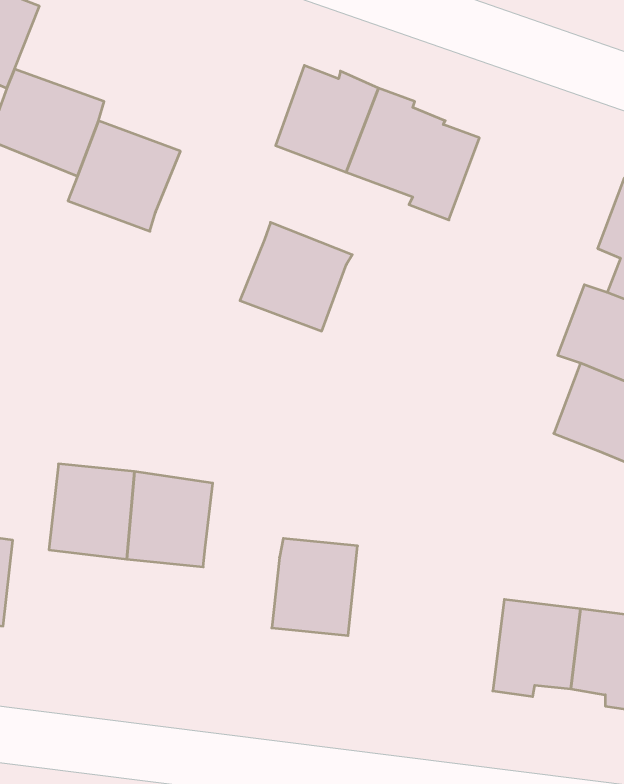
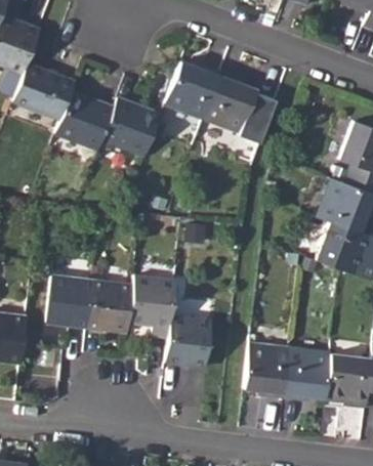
building: [240,222,352,331] -> [102,98,163,157]
building: none -> [129,276,174,326]
building: none -> [244,343,290,397]

